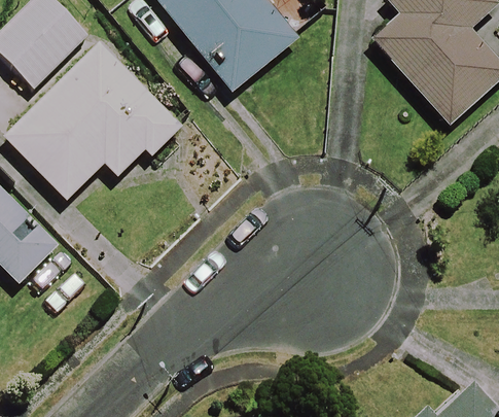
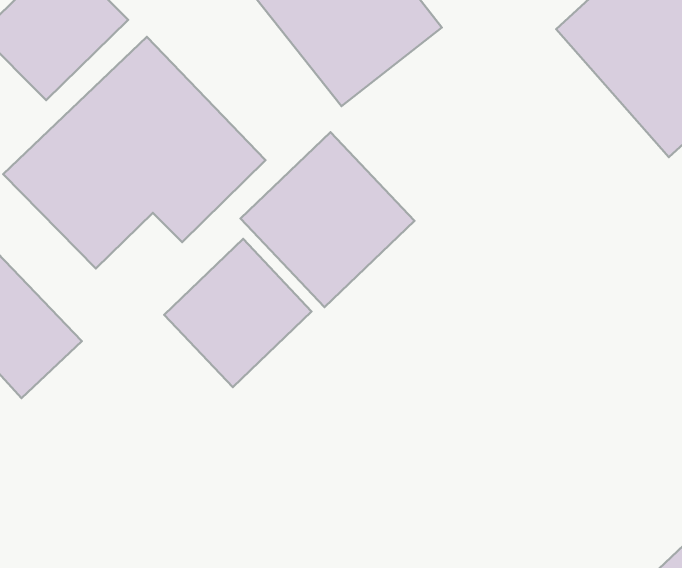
building: none -> [241,132,414,307]
building: none -> [164,239,312,387]

